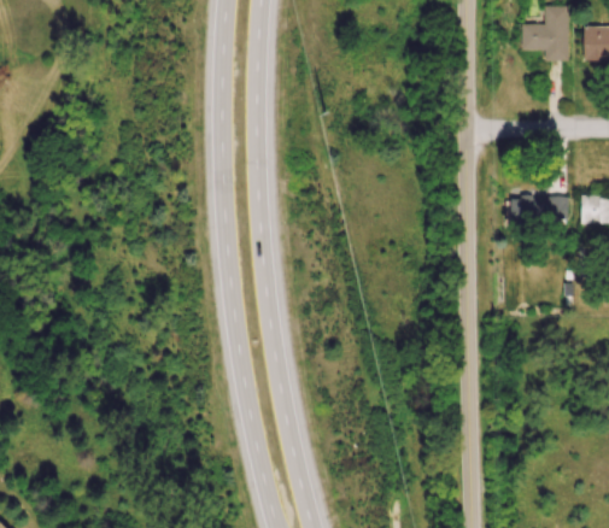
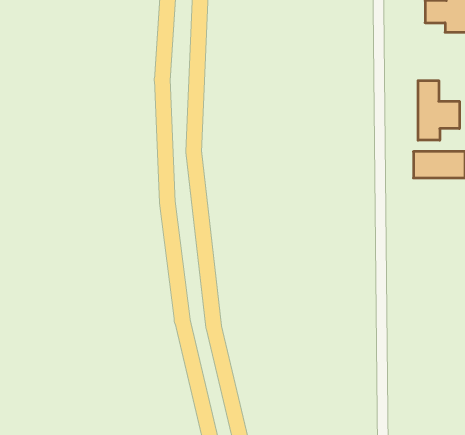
building: none -> [418,81,459,140]

